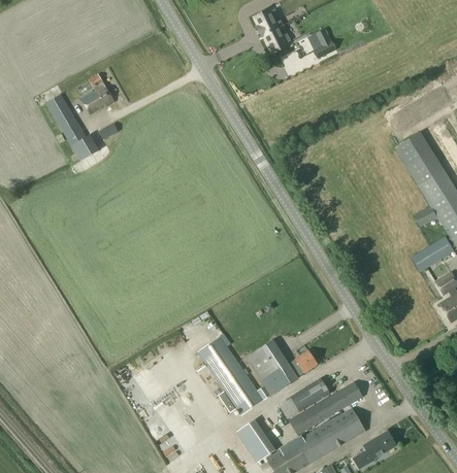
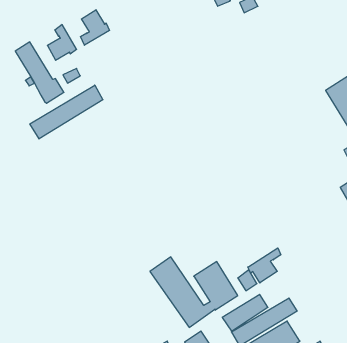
building: none -> [81,10,110,45]
building: none -> [30,85,103,139]
building: none -> [248,248,281,283]

